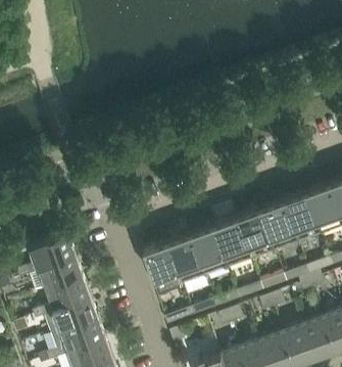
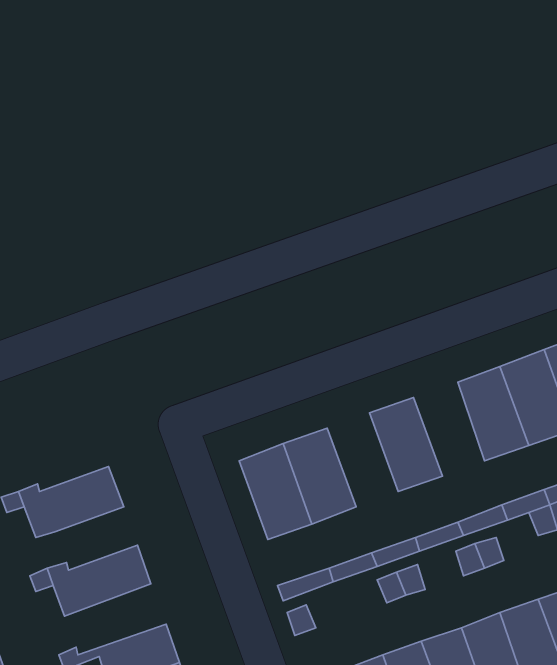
building: [236,208,274,258] -> none
building: [190,224,228,274] -> none
building: [30,231,74,266] -> none
building: [45,274,89,308] -> none
building: [50,315,104,353] -> none

